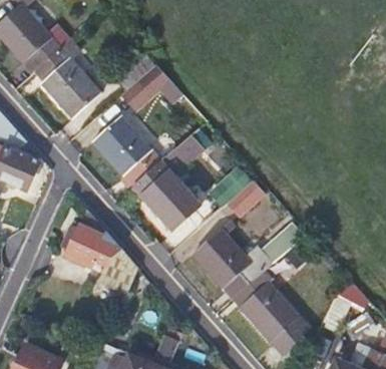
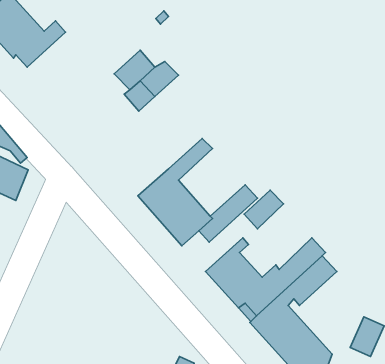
building: [35,40,99,119] -> none
building: [93,117,160,186] -> none
building: [61,210,138,294] -> none

